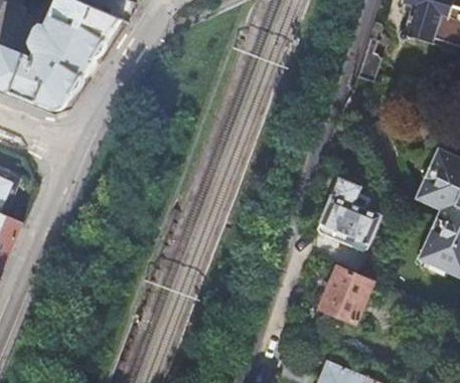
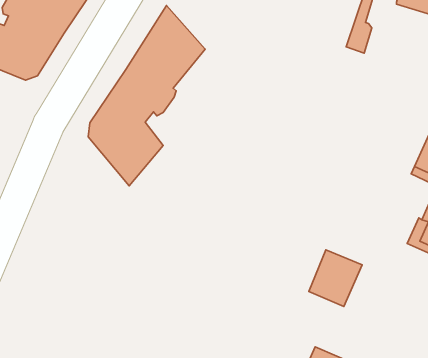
building: none -> [88,6,205,186]
building: [317,178,378,251] -> none

